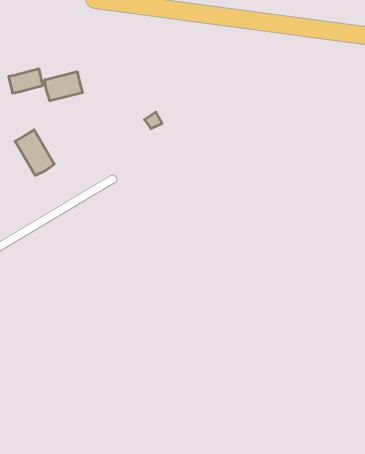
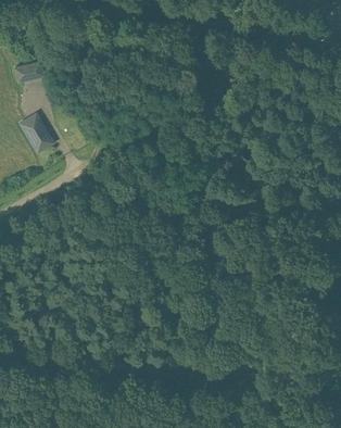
building: [45,72,82,101] -> none

